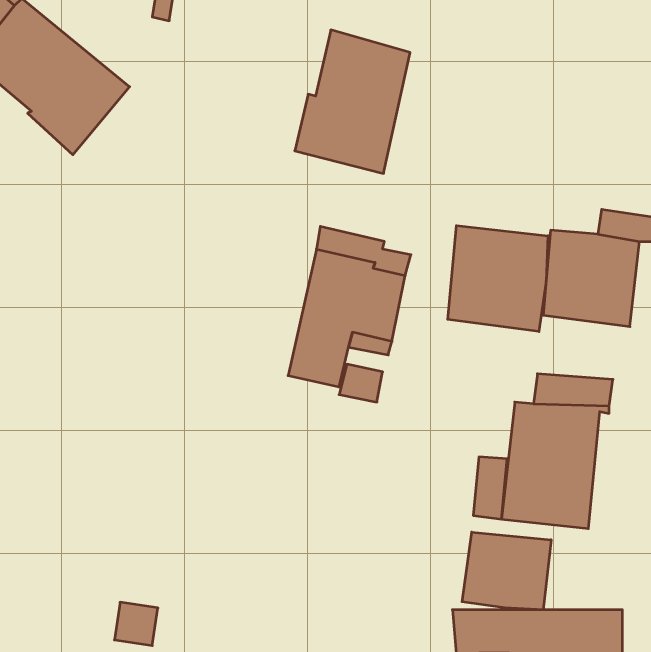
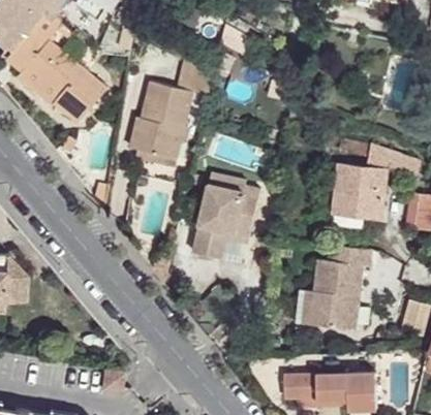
building: [295,30,410,173] -> [128,81,191,159]
building: [448,226,548,332] -> none
building: [462,532,551,610] -> none

